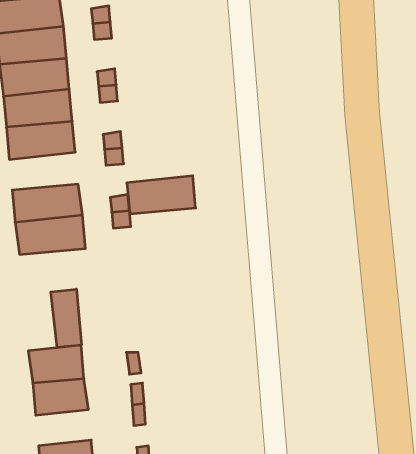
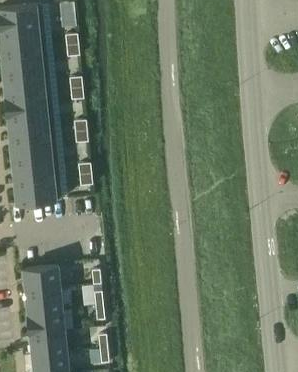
building: [127,176,196,214] -> [9,133,56,159]
building: [51,289,81,348] -> none
building: none -> [27,309,65,334]

